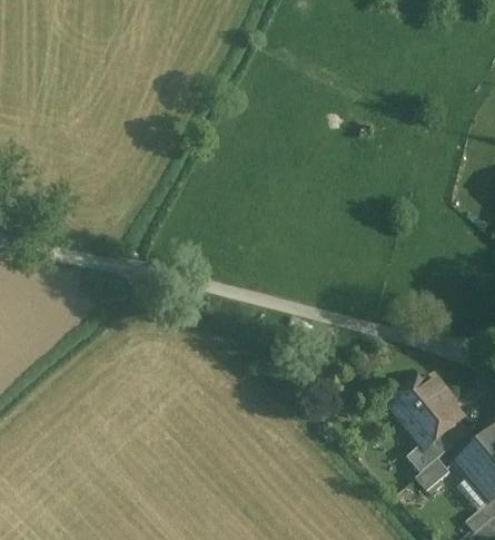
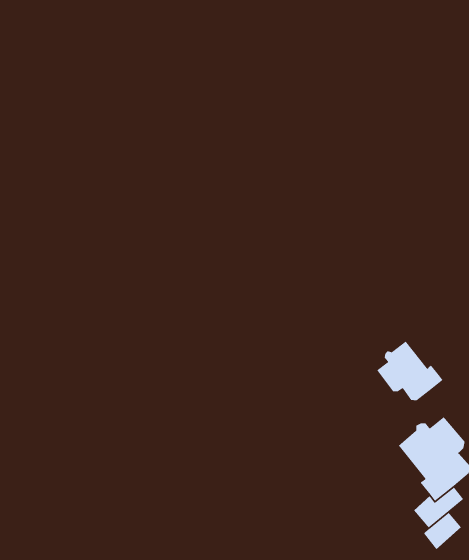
building: none -> [376,341,444,401]

